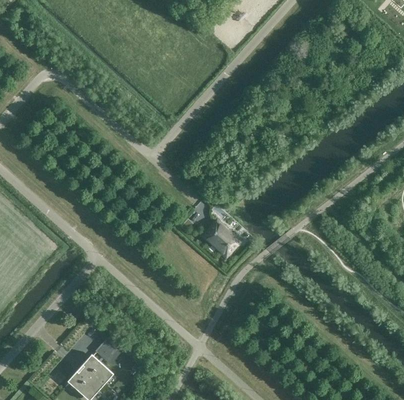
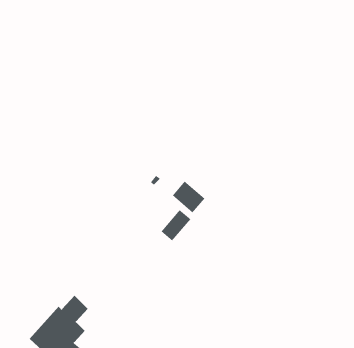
building: none -> [160,209,191,242]

